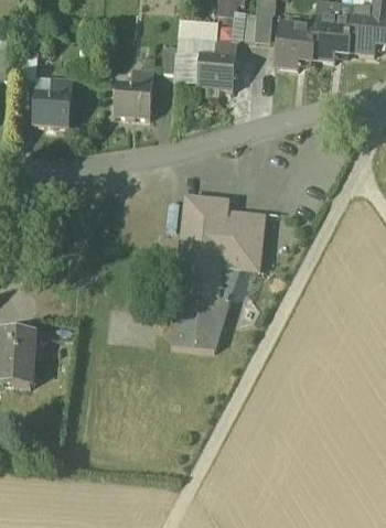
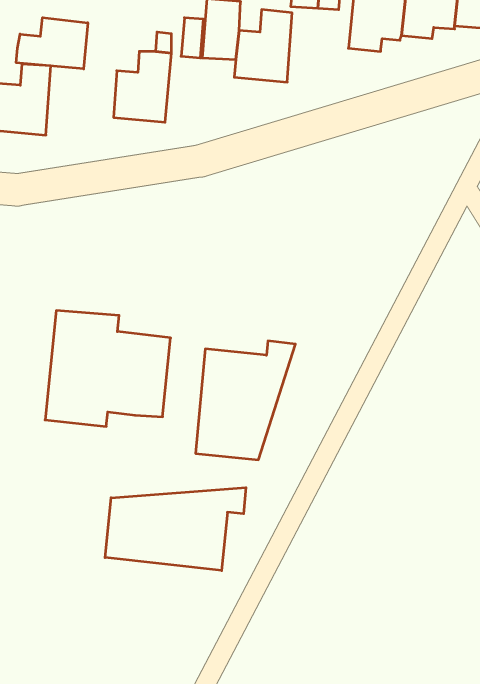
building: none -> [16,18,88,69]
building: [178,195,264,274] -> [45,311,171,426]
building: none -> [105,488,246,571]

